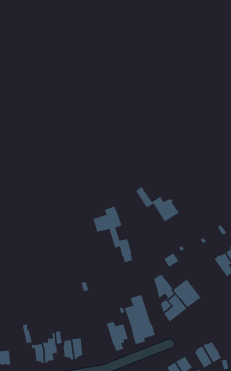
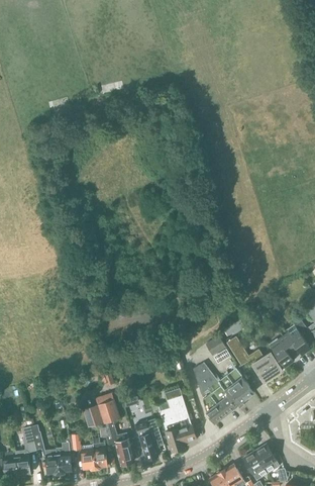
building: [135,186,180,222] -> [227,337,283,383]
building: [92,205,133,263] -> [83,393,133,465]
building: none -> [15,426,36,477]

